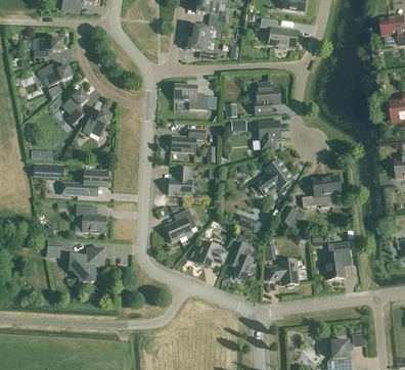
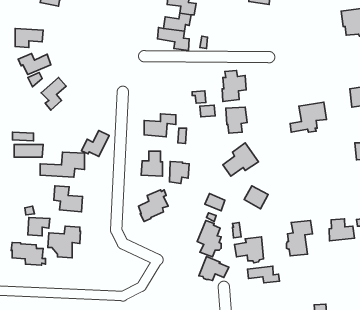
building: [260,17,297,48] -> none
building: [173,84,208,109] -> none
building: [82,109,111,137] -> [81,131,109,157]
building: [302,175,341,206] -> [290,102,327,132]
building: none -> [169,161,189,183]
building: none -> [329,219,354,241]
building: [195,240,227,266] -> [199,256,229,280]
building: none -> [11,242,46,265]
building: none -> [247,266,279,283]

